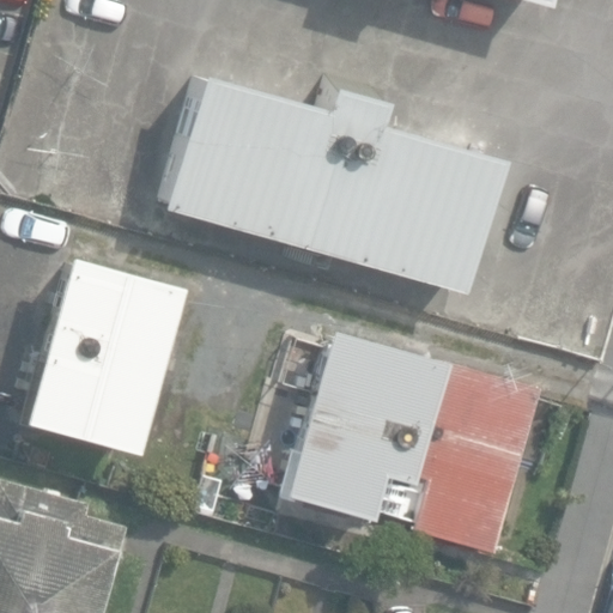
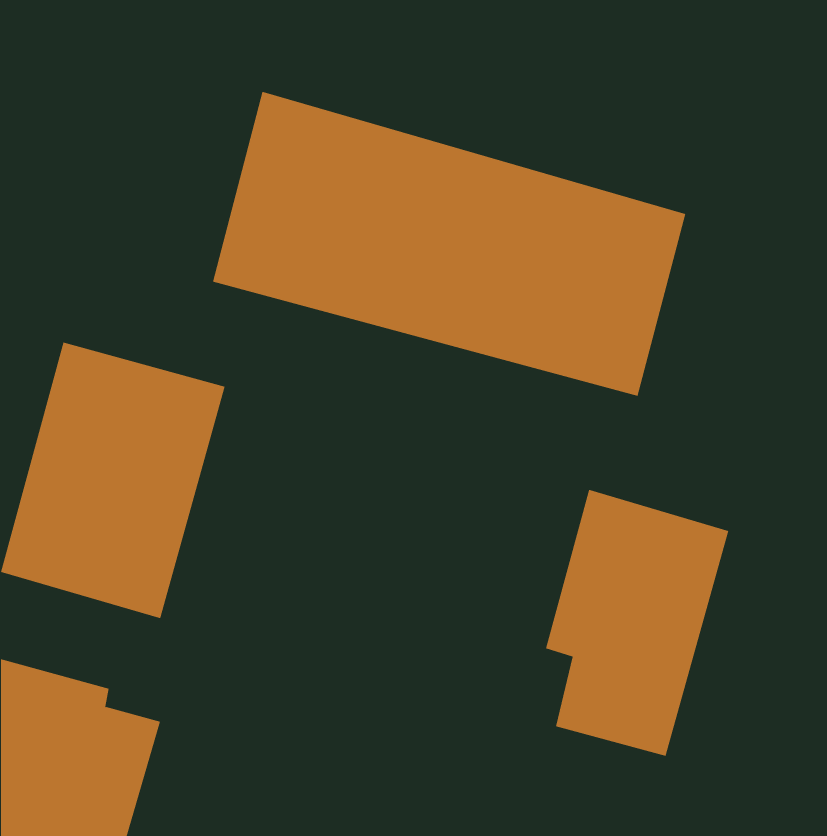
building: [275,329,439,520] -> none

